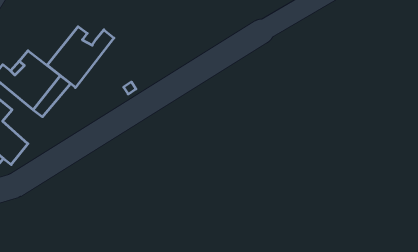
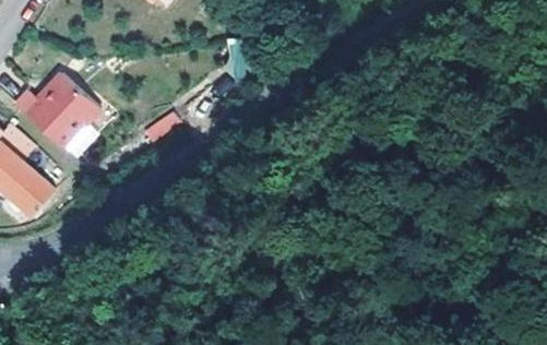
building: [47,27,114,88] -> none

